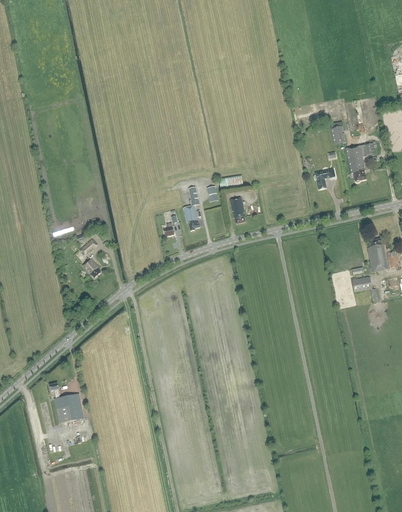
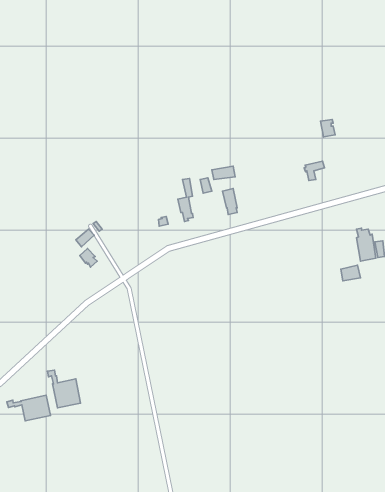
building: [346,139,377,182] -> none
building: none -> [7,395,50,421]

